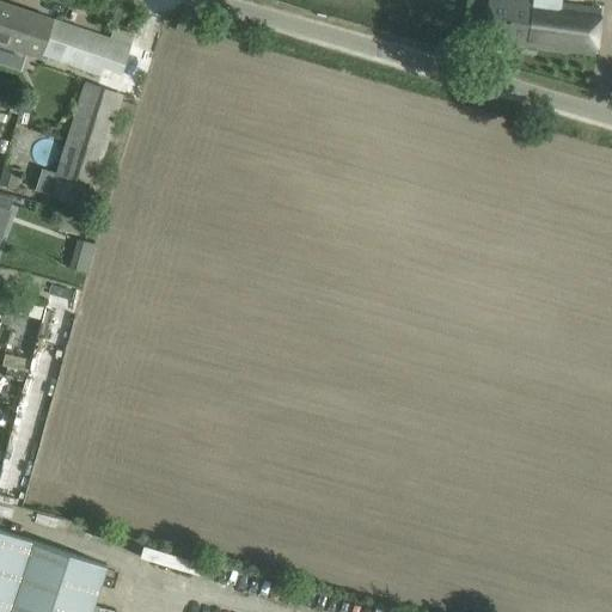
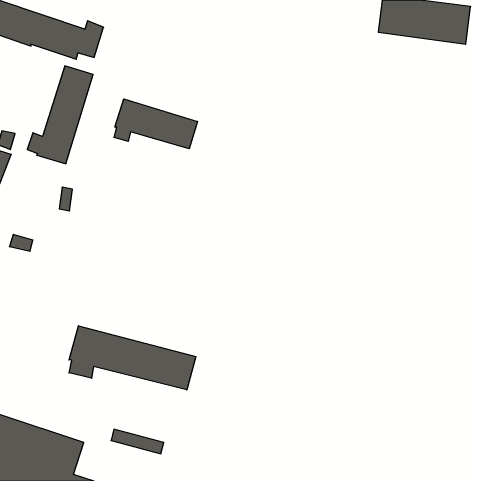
building: none -> [114,99,197,149]
building: none -> [69,326,196,390]

